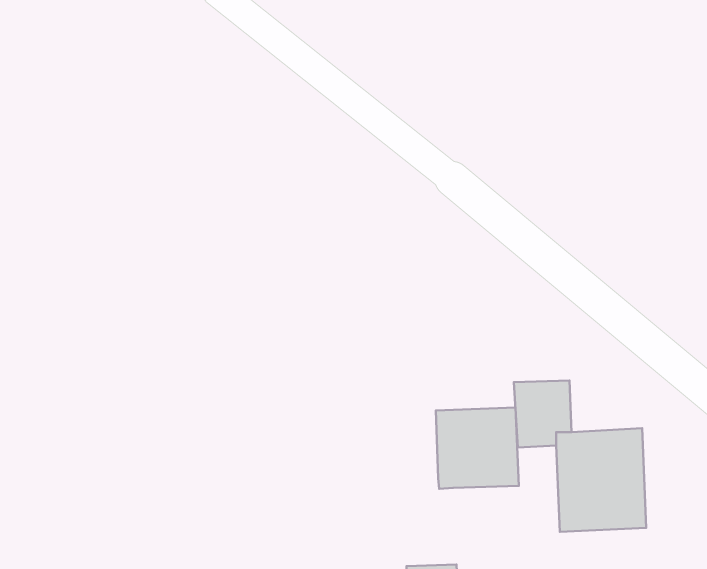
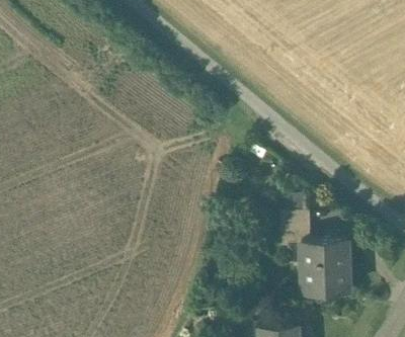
building: [436,407,519,489] -> none

